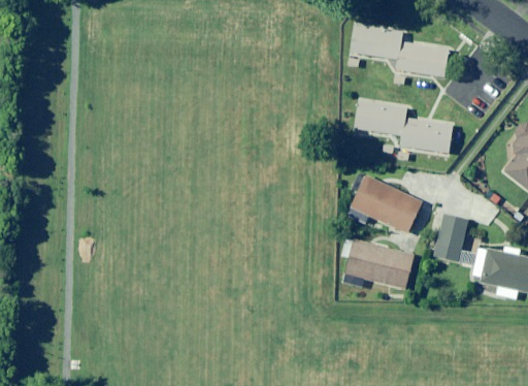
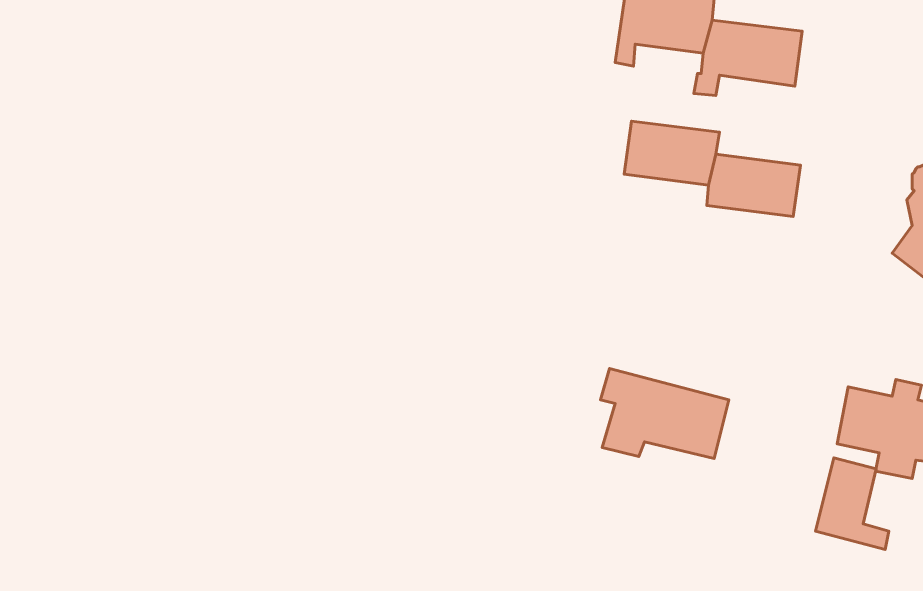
building: [348,172,423,233] -> none
building: [433,214,474,265] -> [816,458,889,549]

